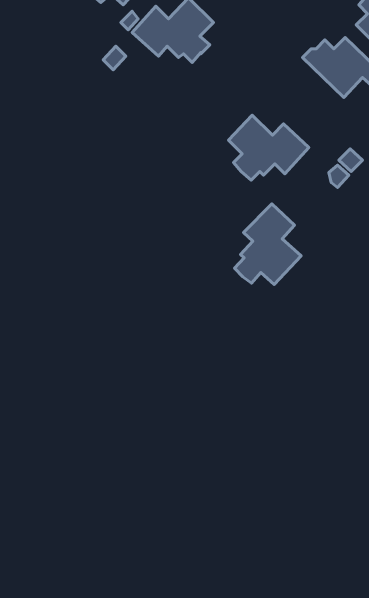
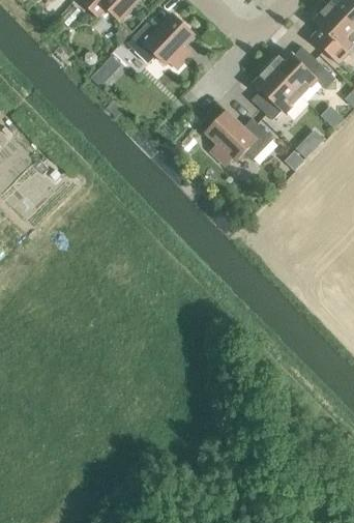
building: none -> [252,63,301,119]
building: [235,204,301,284] -> none

